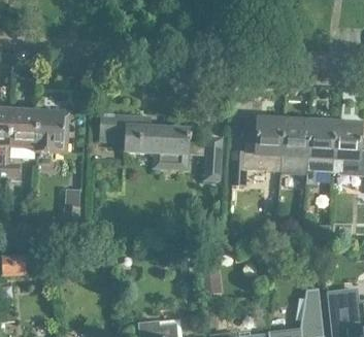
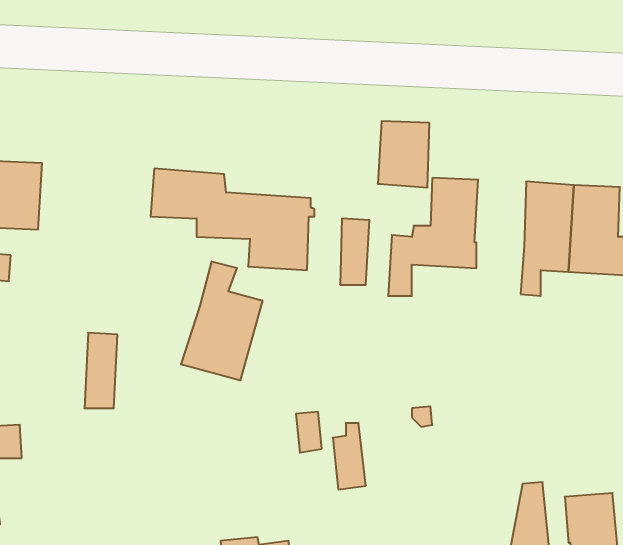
building: [35,109,69,153] -> none
building: [280,119,309,156] -> [378,121,429,187]
building: none -> [181,261,262,380]

